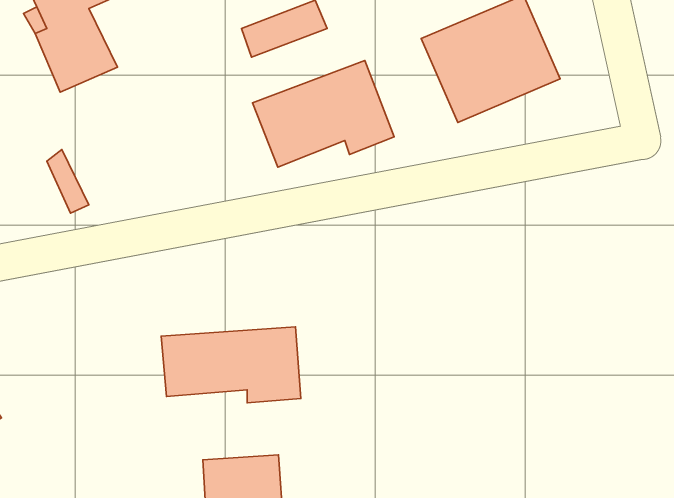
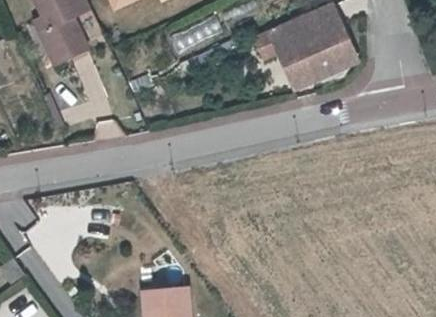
building: [253,60,394,167] -> none
building: [161,327,301,403] -> none

